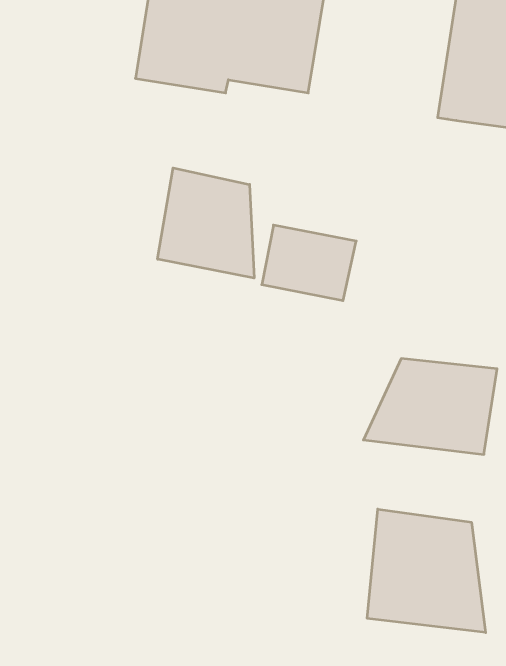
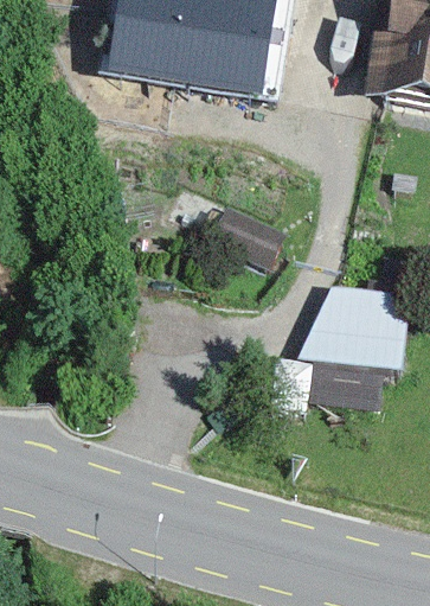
building: [158,168,254,278] -> none
building: [367,509,486,633] -> none

